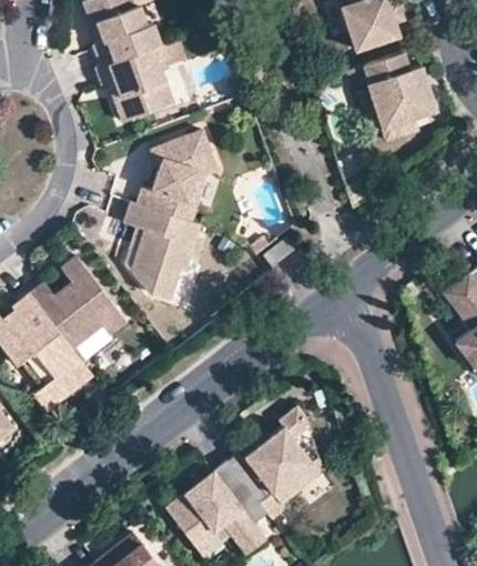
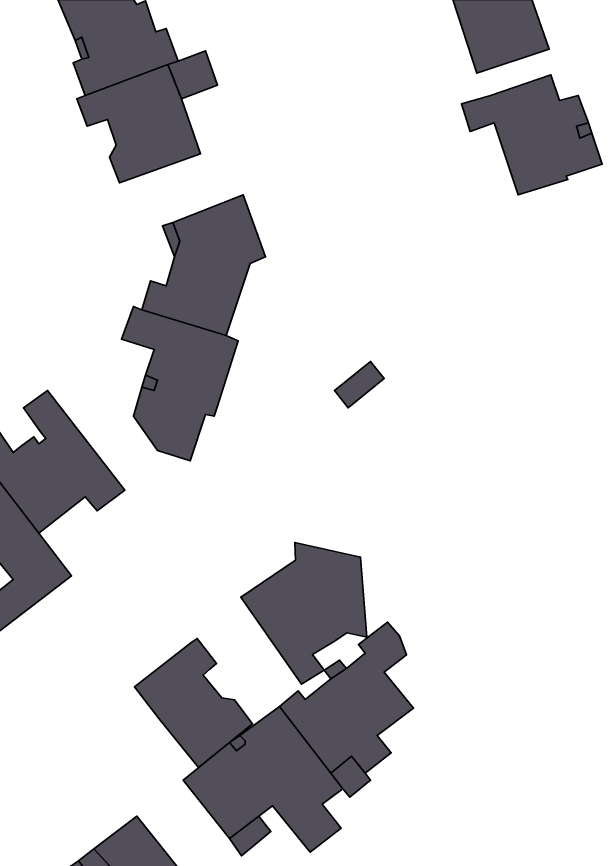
building: none -> [241,542,367,684]
building: none -> [135,638,253,767]

